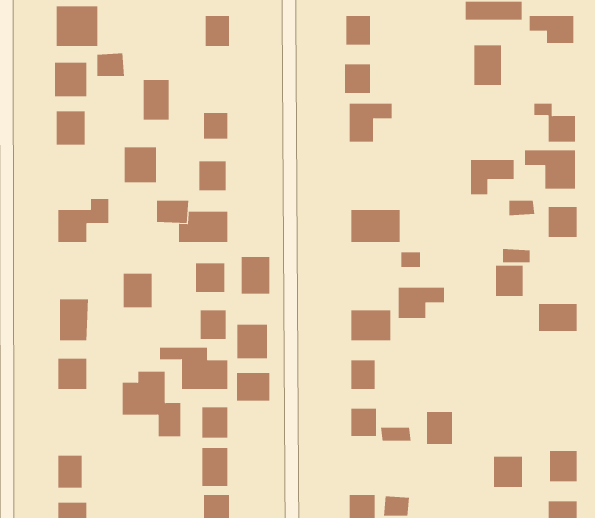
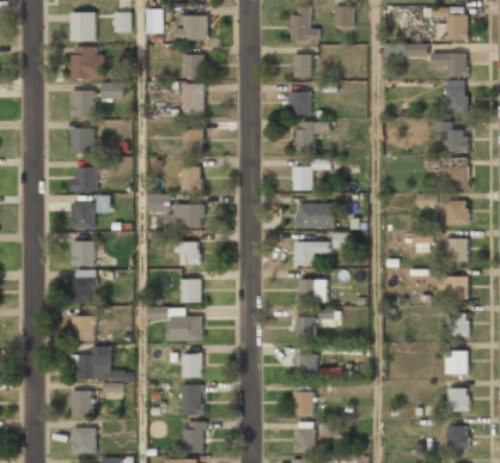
building: [474,45,502,85] -> [445,81,467,112]
building: [143,79,169,120] -> [183,84,203,115]
building: [124,147,157,183] -> [73,163,98,190]
building: none -> [292,158,330,190]
building: [471,159,514,195] -> none
building: [241,256,270,294] -> none
building: [495,265,523,296] -> [446,237,468,261]
building: [123,273,153,308] -> [72,240,94,267]
building: [398,287,445,318] -> [293,240,329,264]
building: [237,324,267,359] -> none
building: none -> [446,313,469,336]
building: [122,371,181,437] -> [78,346,123,396]
building: [236,372,270,401] -> none
building: [426,411,453,444] -> [293,389,313,414]
building: [493,456,523,487] -> [445,349,468,373]

